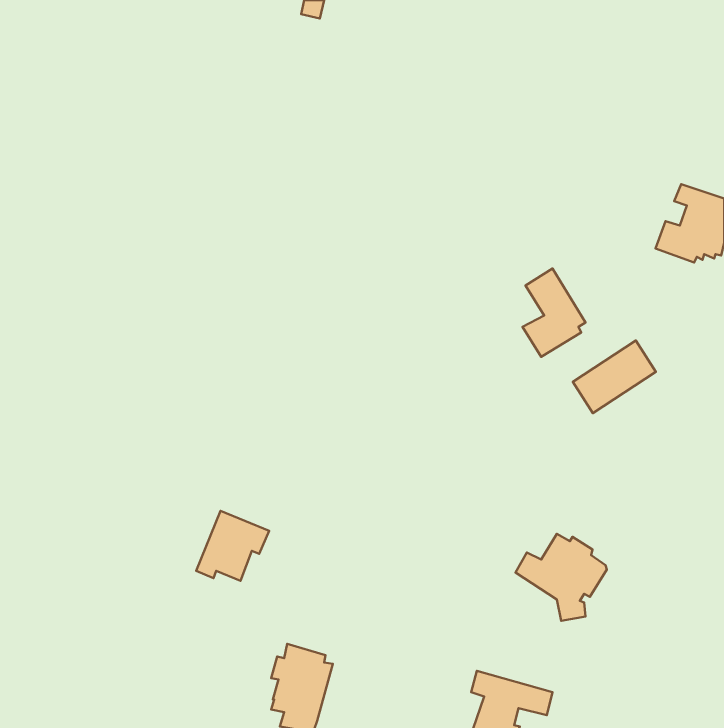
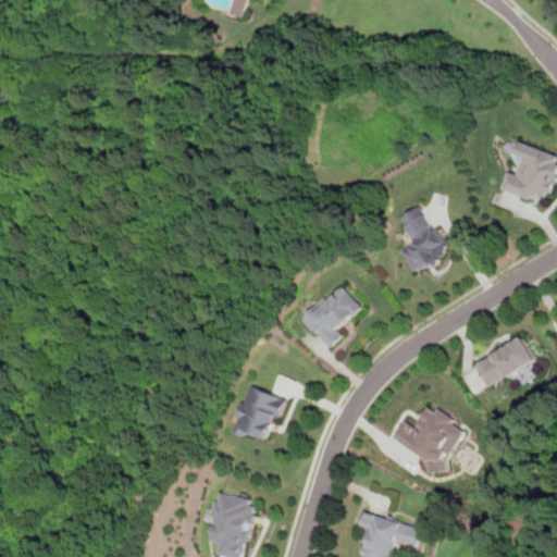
building: [573,340,656,413] -> [473,334,536,389]
building: none -> [299,283,360,348]
building: [196,511,269,581] -> [230,386,285,440]

